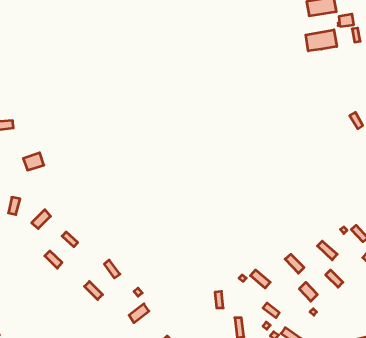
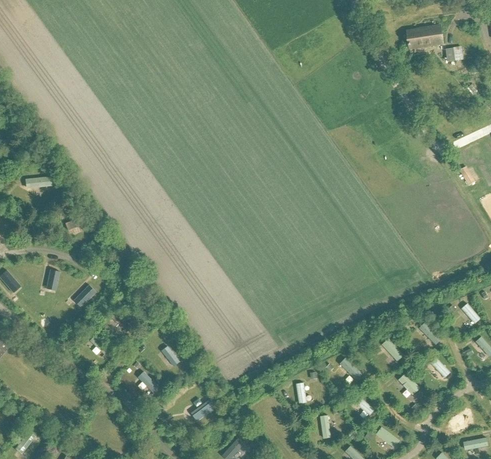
building: [306,30,337,51] -> none

